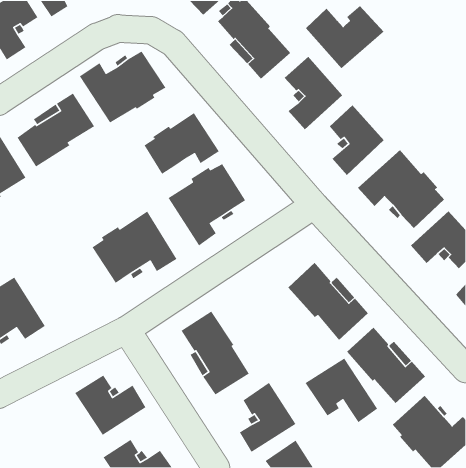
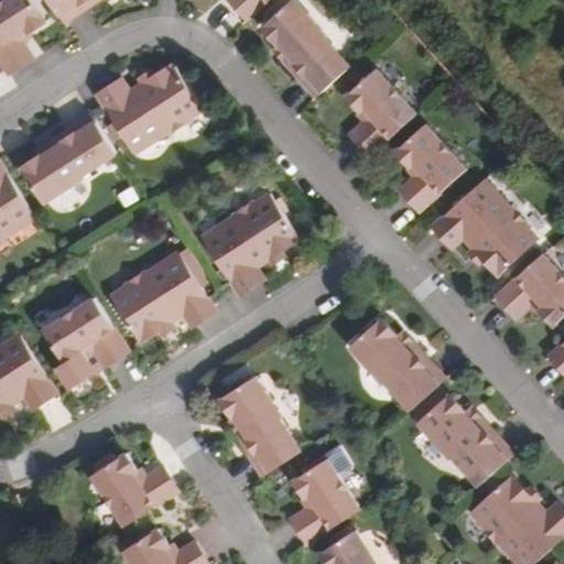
building: [305,5,384,69] -> none
building: [144,112,220,175] -> none
building: none -> [43,296,127,386]
building: [305,357,378,423] -> none

